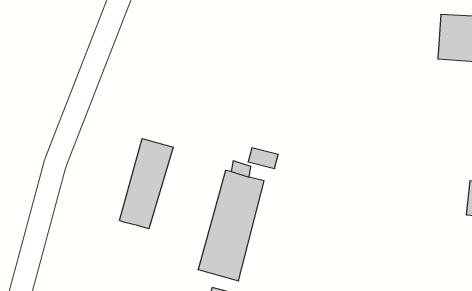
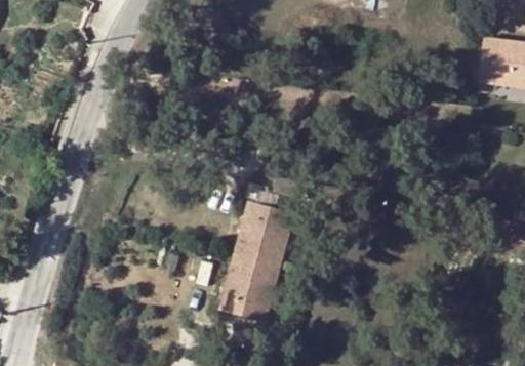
building: [120,139,173,229] -> none

